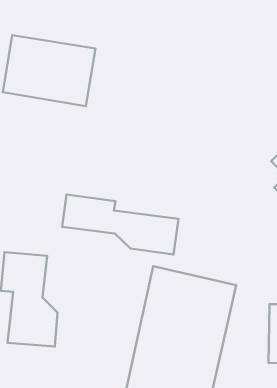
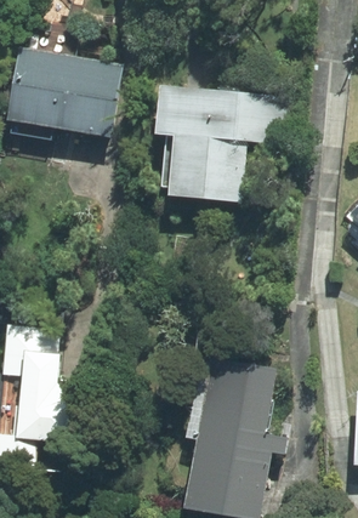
building: none -> [137,79,291,207]
building: [62,195,179,255] -> none

